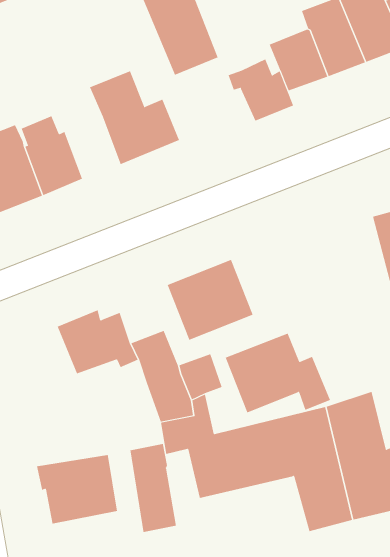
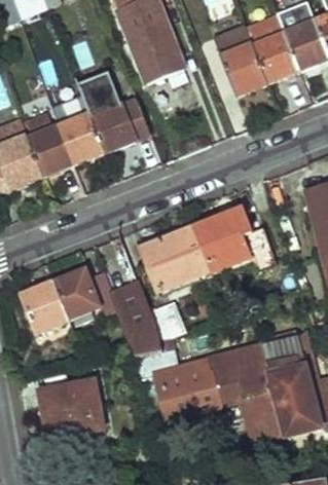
building: [228,58,294,121] -> none
building: none -> [60,113,104,162]
building: none -> [23,279,69,331]
building: [225,333,331,413] -> [192,207,277,270]
building: [130,443,177,533] -> none

